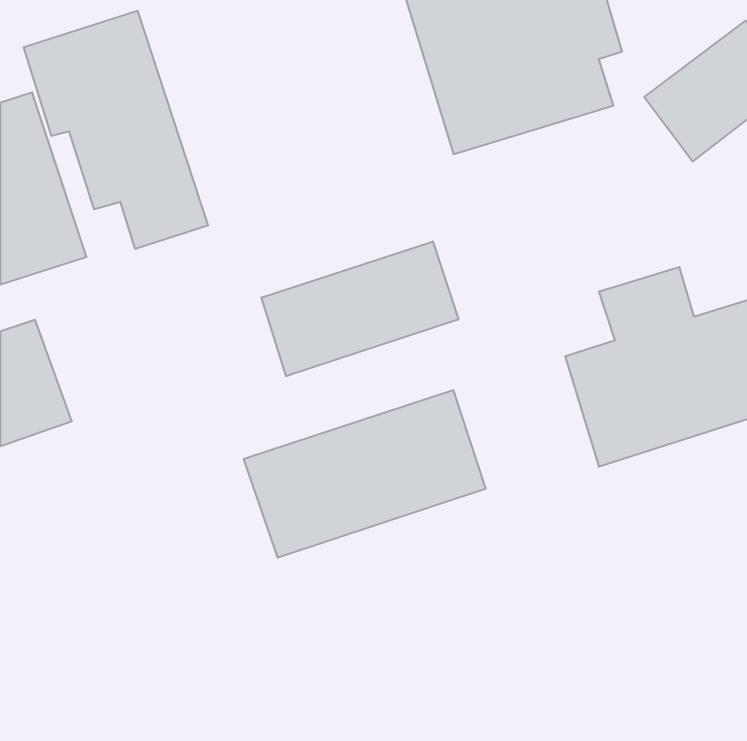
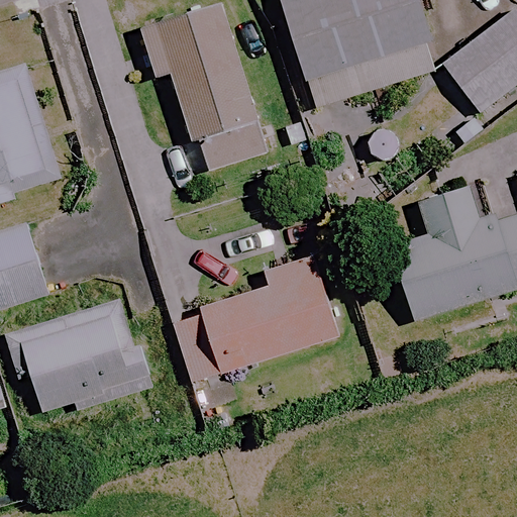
building: [23,11,208,249] -> [138,5,266,169]
building: [261,241,458,376] -> none
building: none -> [9,300,156,410]

